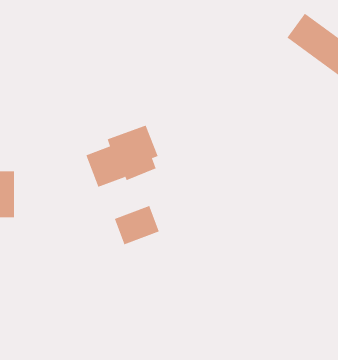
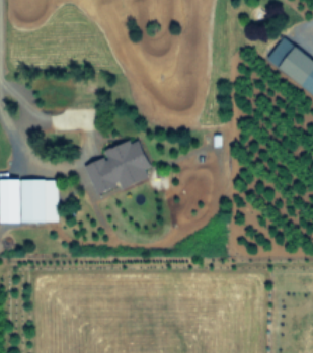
building: none -> [22,180,57,223]
building: [114,205,159,245] -> none

